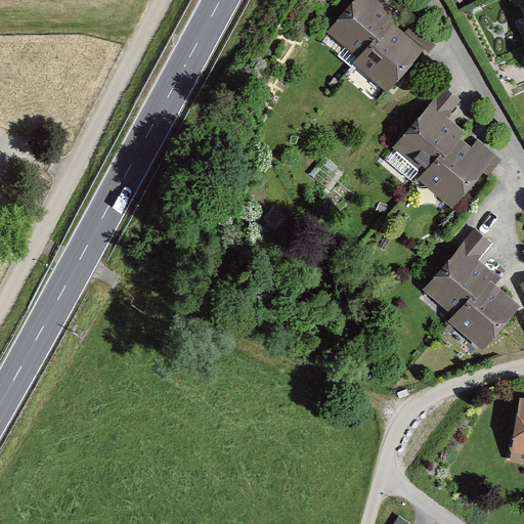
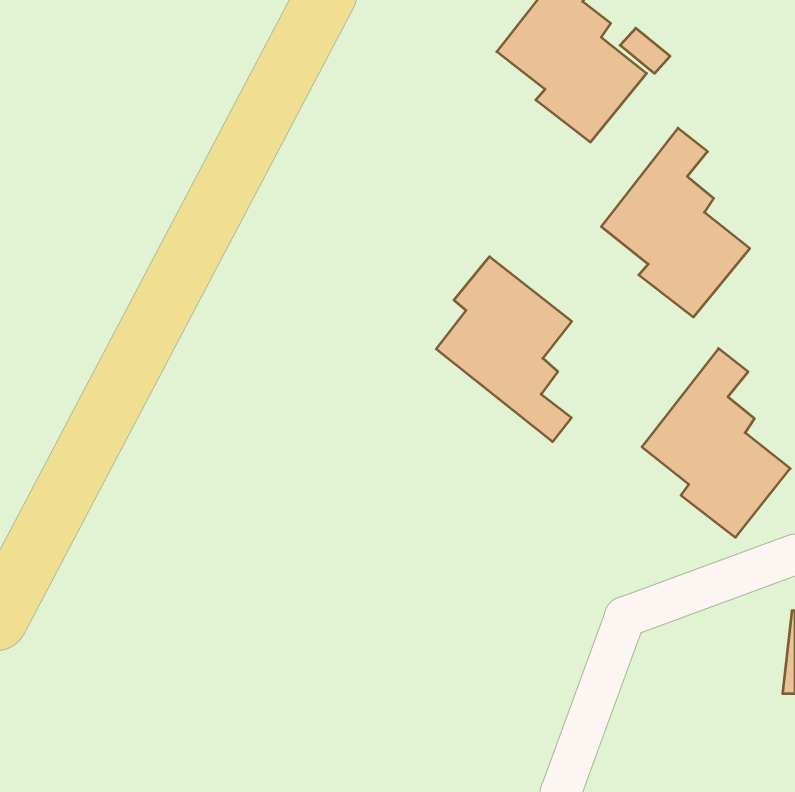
building: none -> [436,257,572,442]

